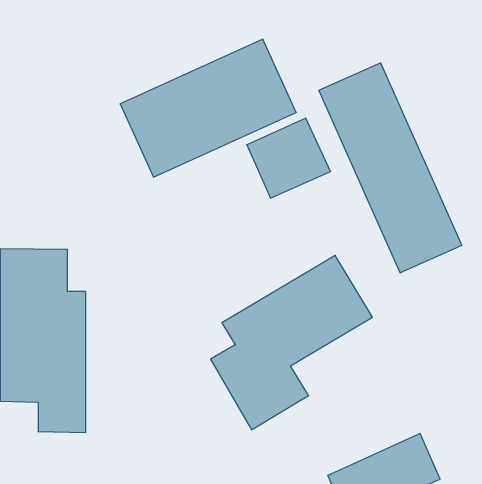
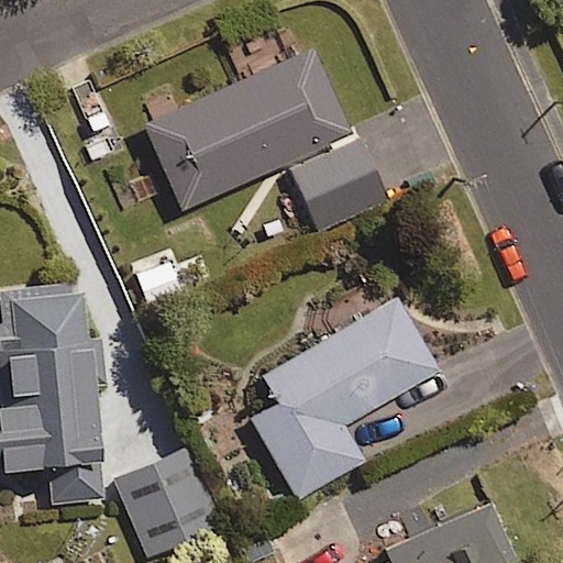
building: [319,63,462,273] -> none
building: none -> [125,473,220,556]

